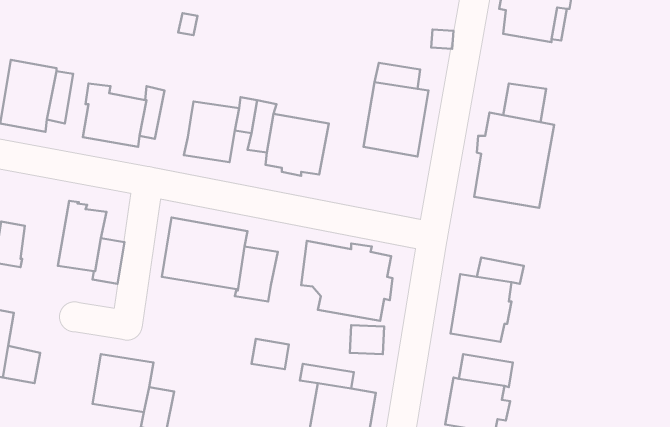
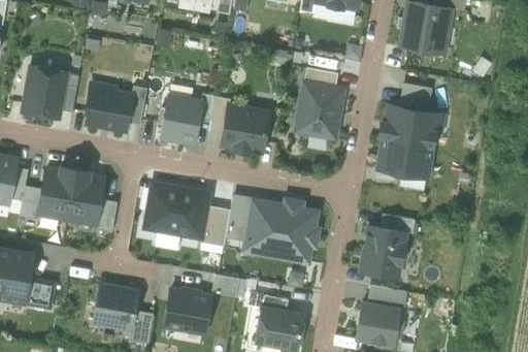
building: none -> [39,169,75,220]
building: none -> [226,198,253,237]
building: none -> [164,289,211,333]

